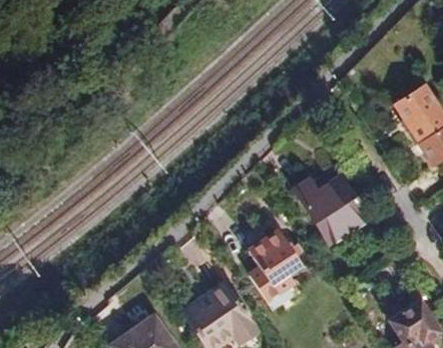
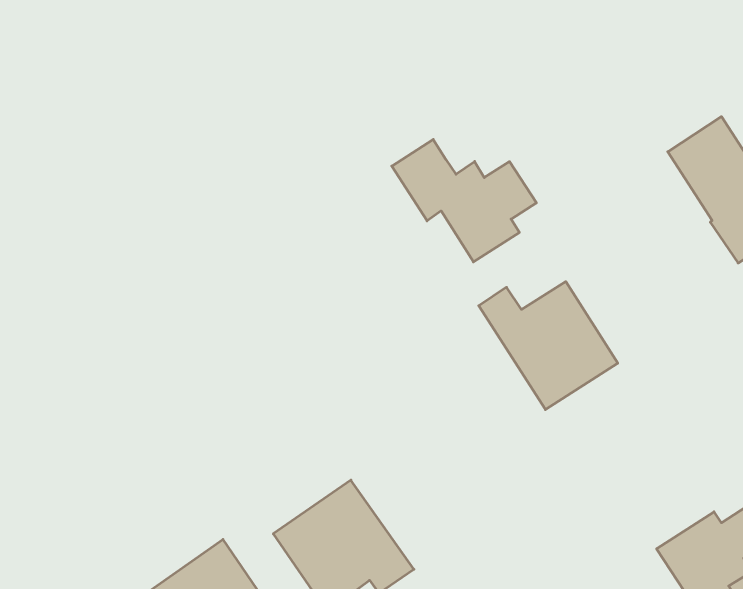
building: none -> [392,139,536,262]
building: [247,230,302,302] -> none

